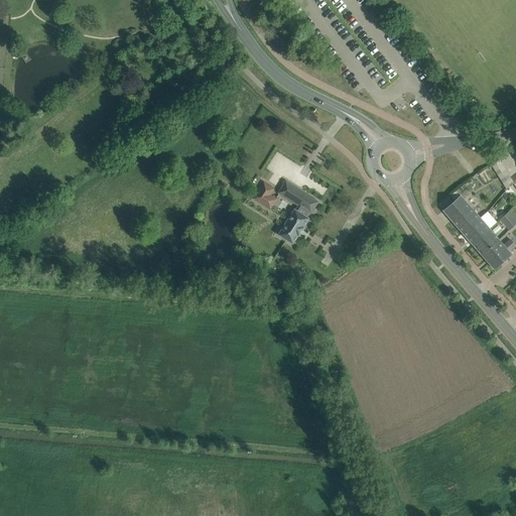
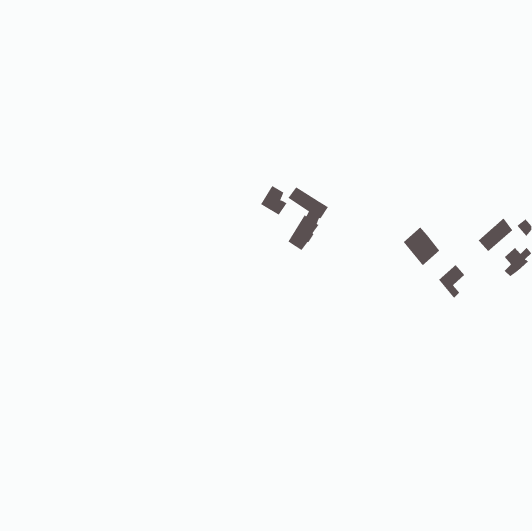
building: [443,195,480,233] -> [403,226,440,266]
building: [473,229,499,262] -> [438,264,465,299]

